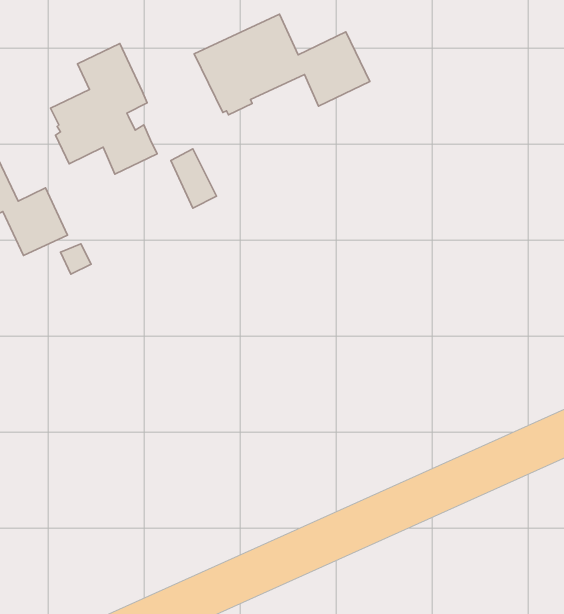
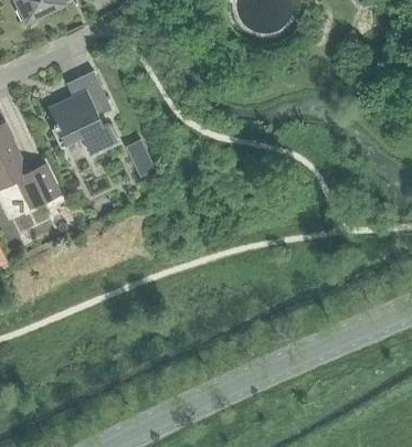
building: [194,14,370,115] -> none

